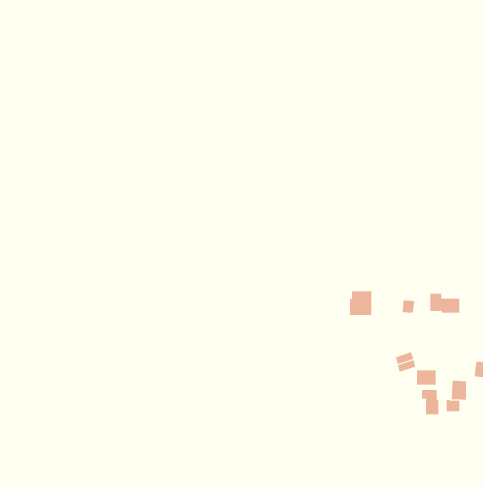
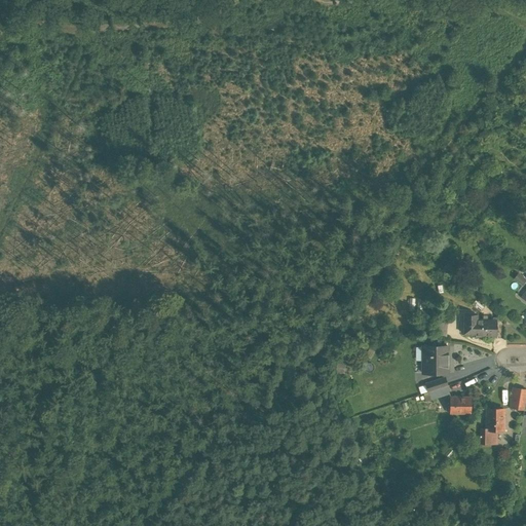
building: [349,291,372,316] -> [425,347,450,374]
building: [421,389,439,415] -> none

